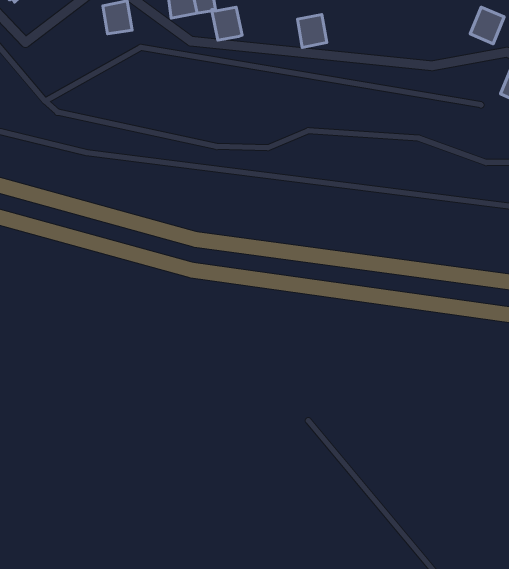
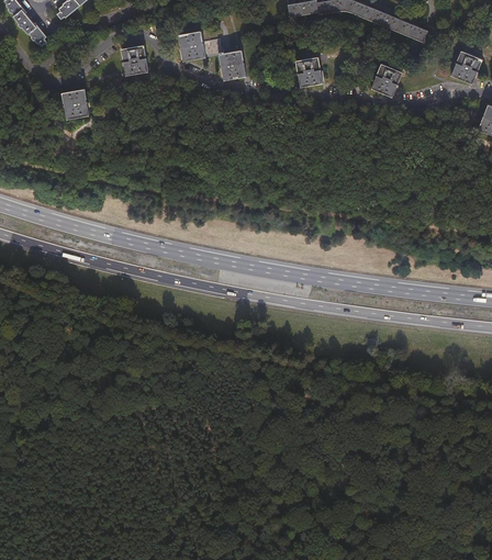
building: none -> [371,64,401,97]
building: none -> [62,89,88,119]

